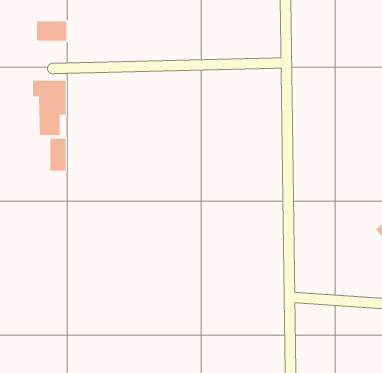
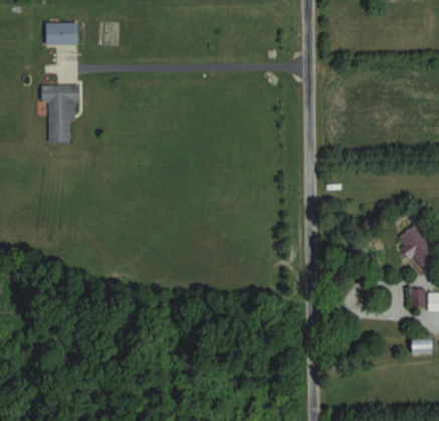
building: [50,138,66,171] -> none

